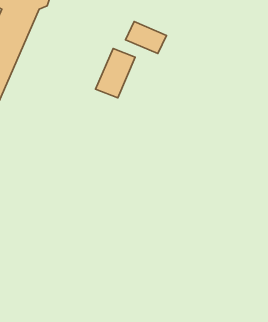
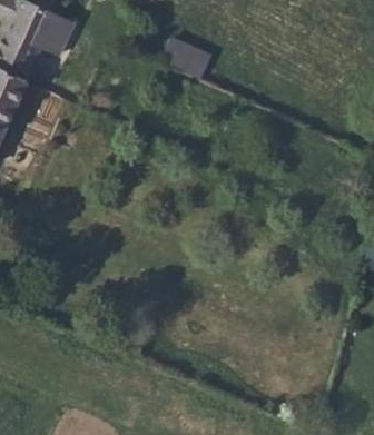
building: [95,49,135,98] -> none

